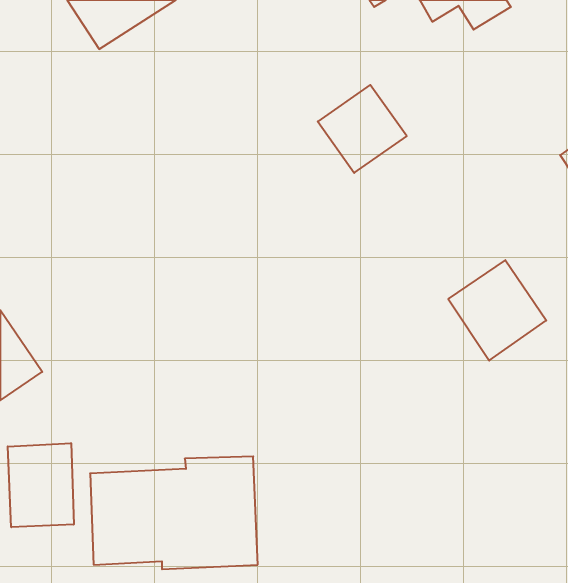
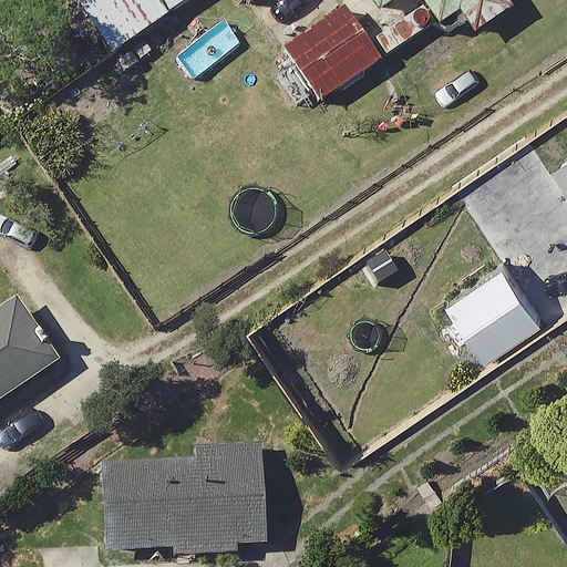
building: [318,85,407,173] -> [290,11,377,96]
building: [8,443,74,527] -> none

